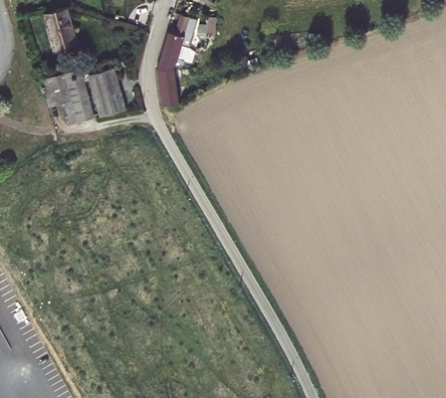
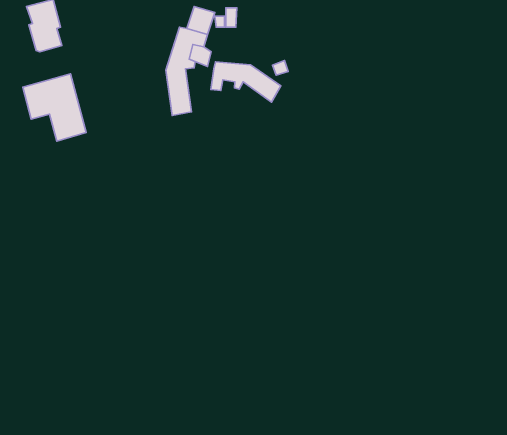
building: none -> [211,62,281,102]
building: [87,69,126,118] -> none

